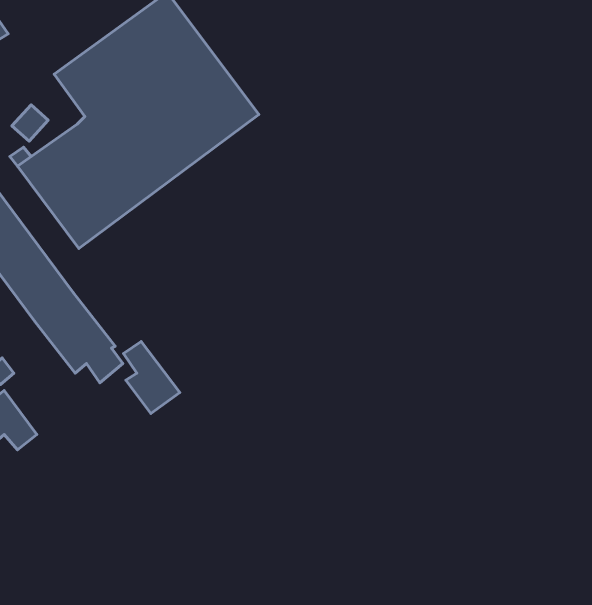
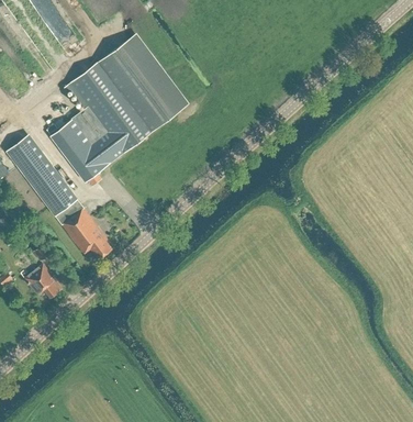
building: [124,341,180,413] -> none

